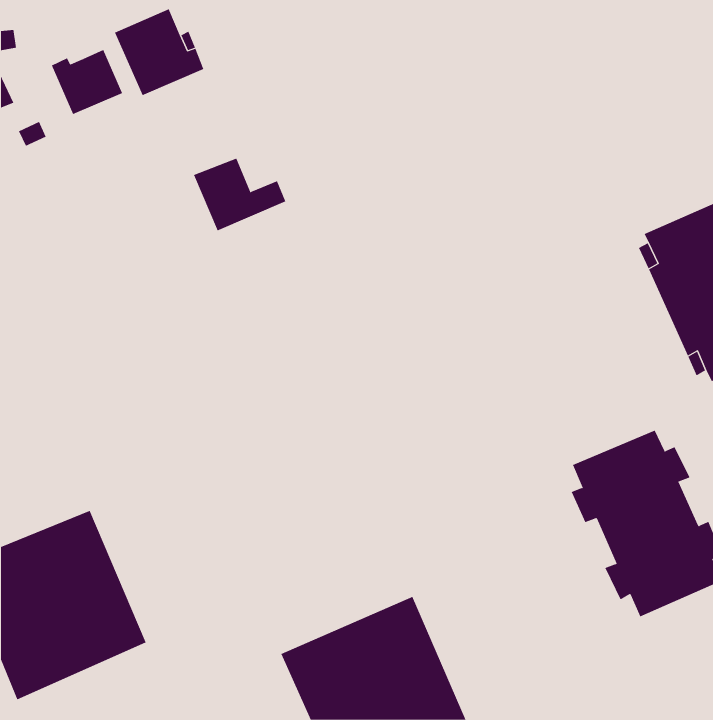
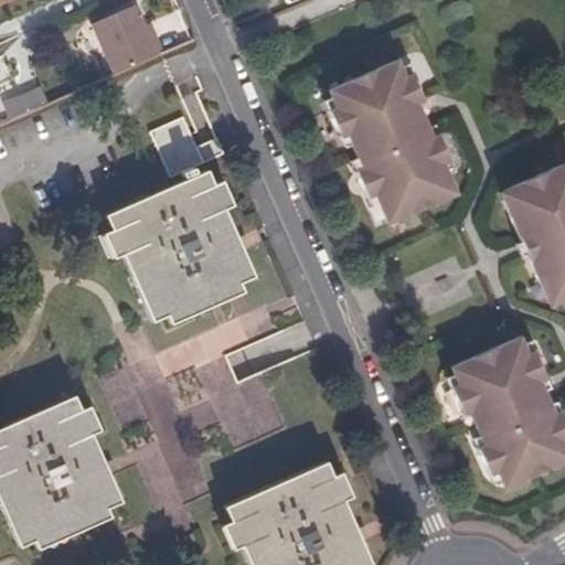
building: [51,49,123,115] -> none
building: none -> [329,57,455,220]
building: none -> [107,174,255,326]

